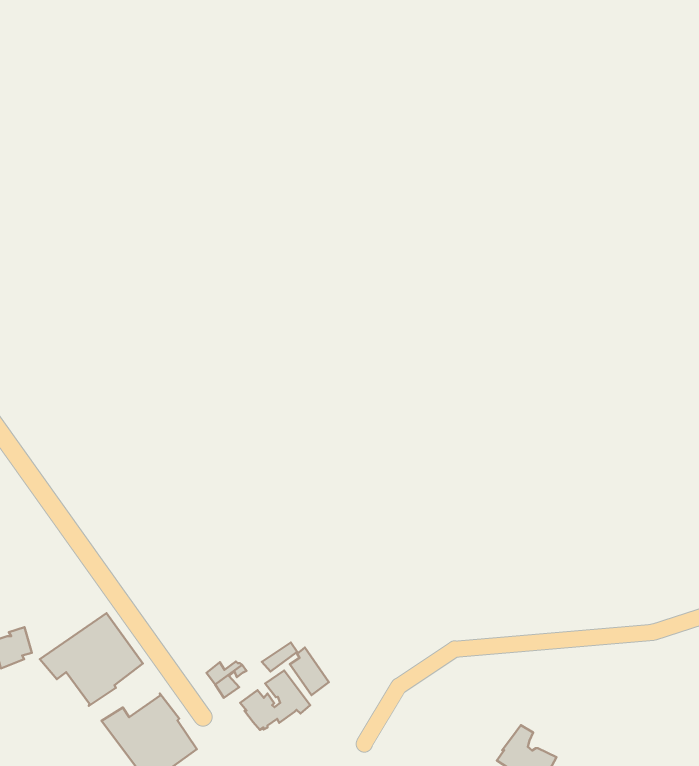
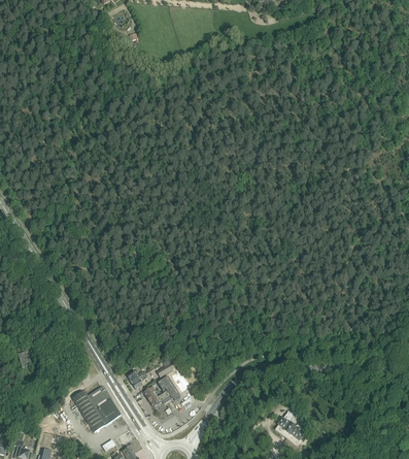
building: [40,613,143,706] -> none

